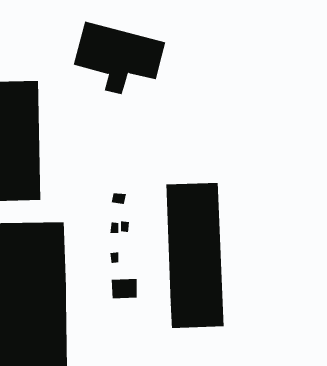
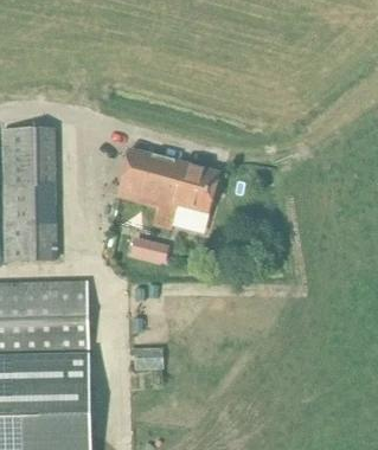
building: [73,21,166,95] -> [117,148,220,230]
building: [166,182,224,329] -> none

